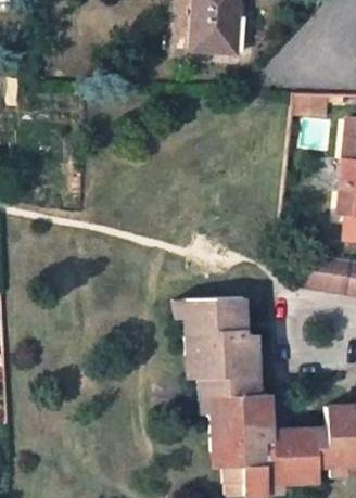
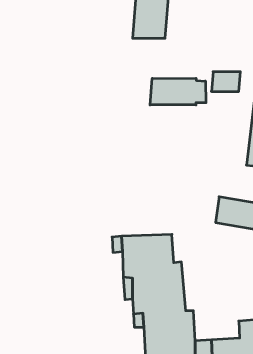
building: none -> [150,78,206,105]

